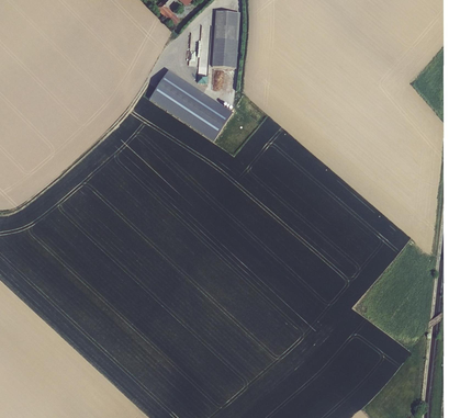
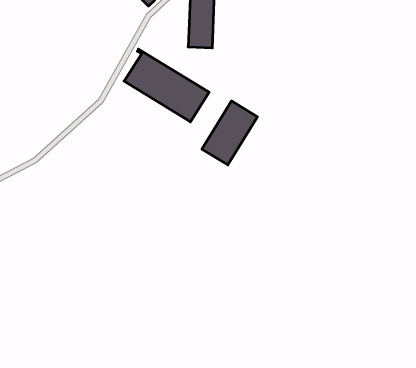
building: none -> [202,101,257,165]

